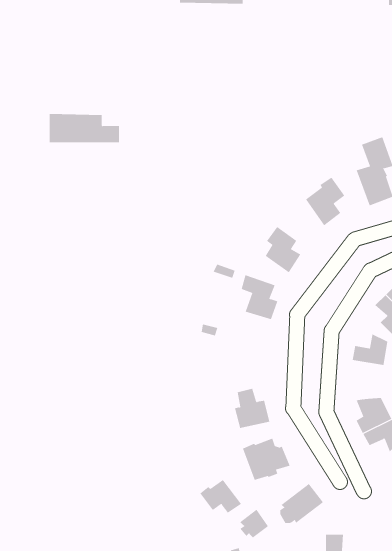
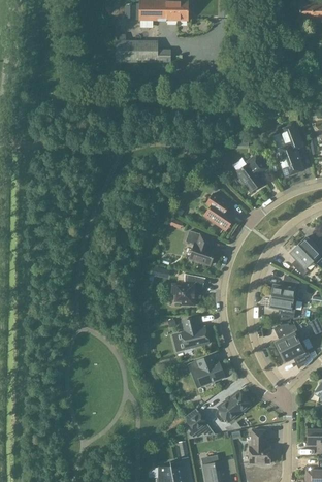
building: [49,114,120,143] -> [117,39,171,62]
building: none -> [172,274,205,304]
building: none -> [270,295,297,320]
building: [200,479,242,514] -> none

